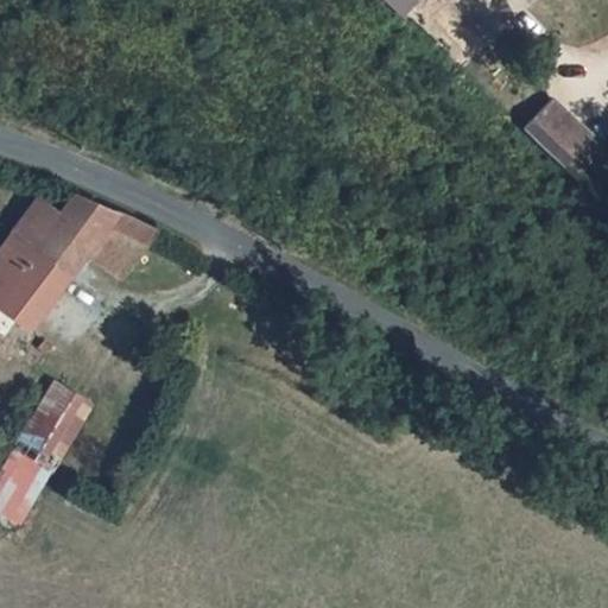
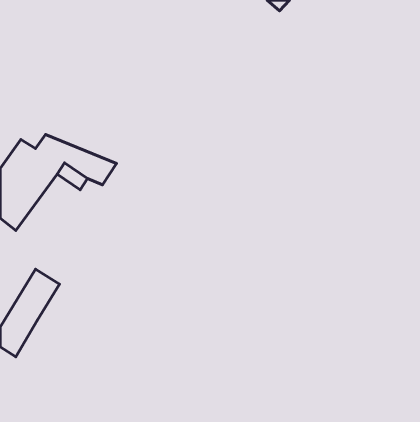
building: [521,95,587,160] -> none

